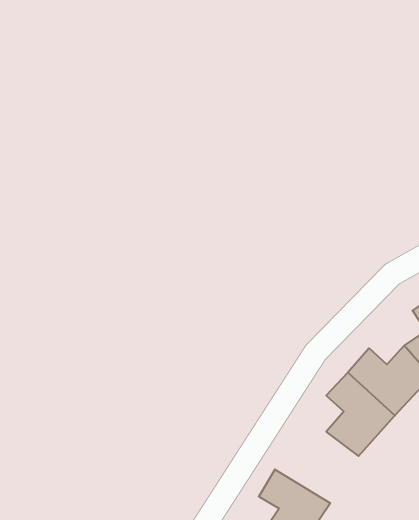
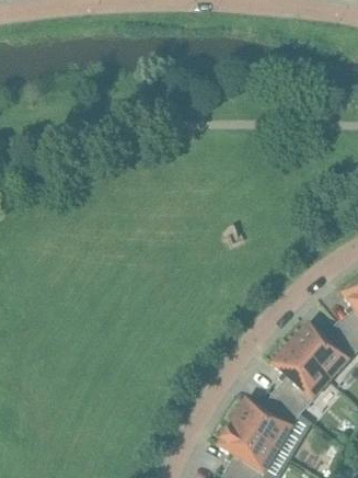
building: none -> [232,391,300,449]

